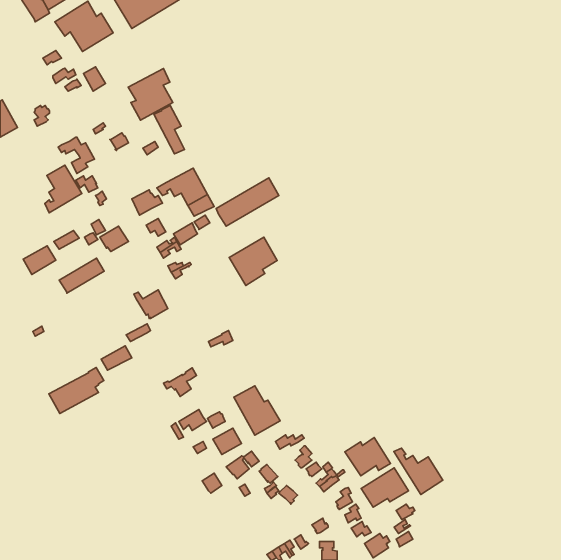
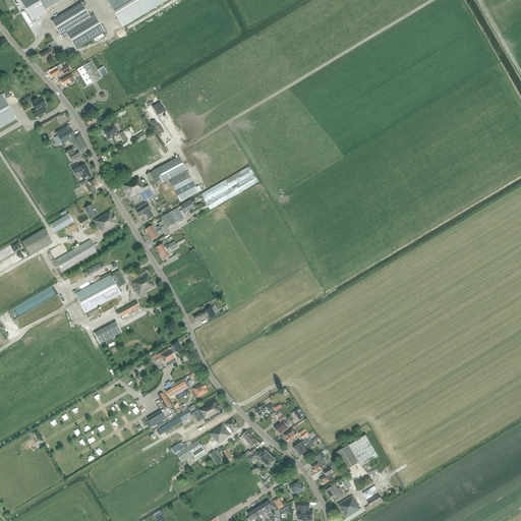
building: [128,69,173,120] -> none
building: [45,165,82,213] -> none
building: [229,237,277,286] -> none
building: [49,367,104,414] -> [75,270,126,312]
building: [234,386,280,435] -> none
building: [345,437,391,476] -> none
building: [394,448,443,494] -> none

